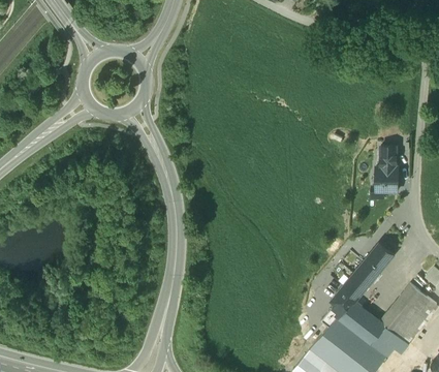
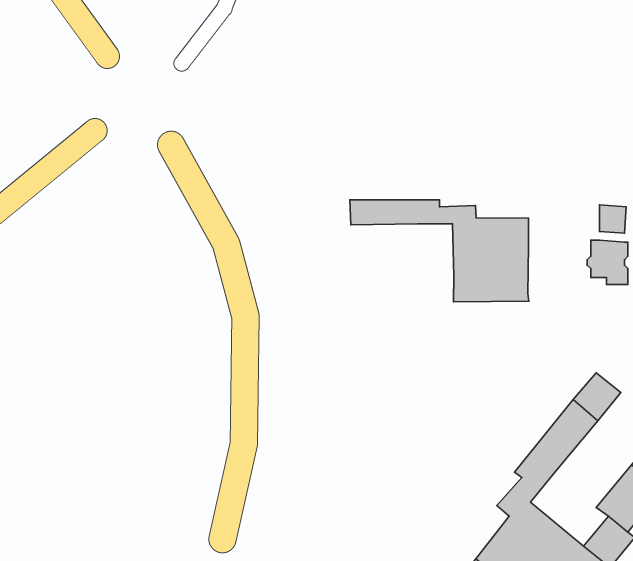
building: none -> [350,200,529,302]
building: [342,302,387,344] -> none

